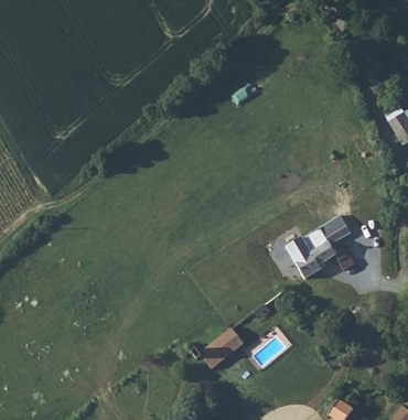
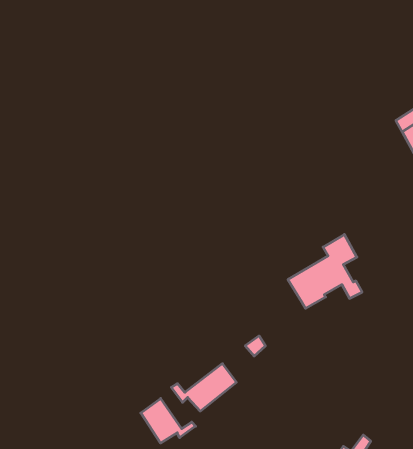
building: none -> [141,398,196,443]

